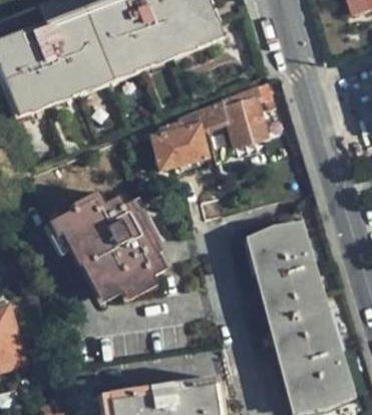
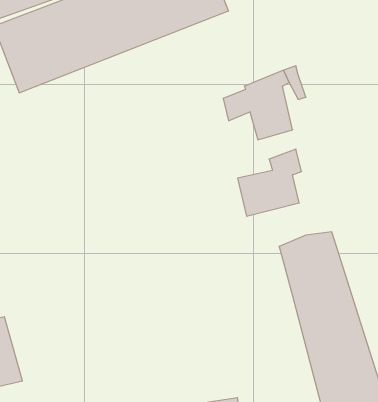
building: [150,111,208,171] -> [238,149,302,216]
building: [51,192,162,300] -> none

